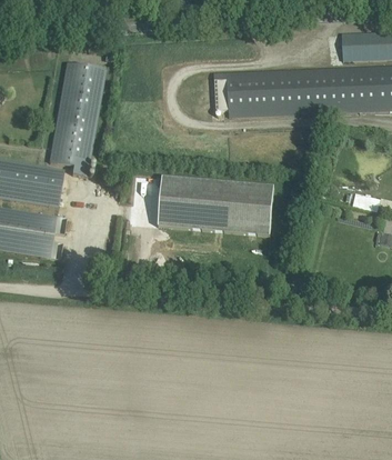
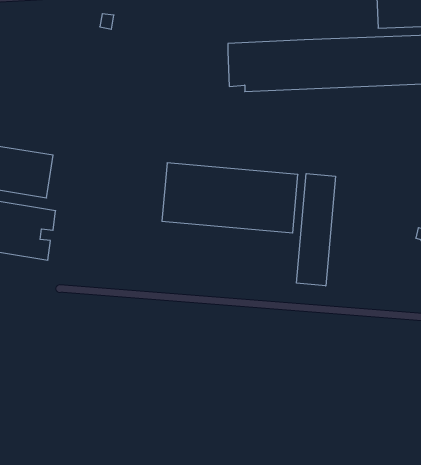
building: [49,62,104,176] -> none
building: none -> [297,174,335,286]

